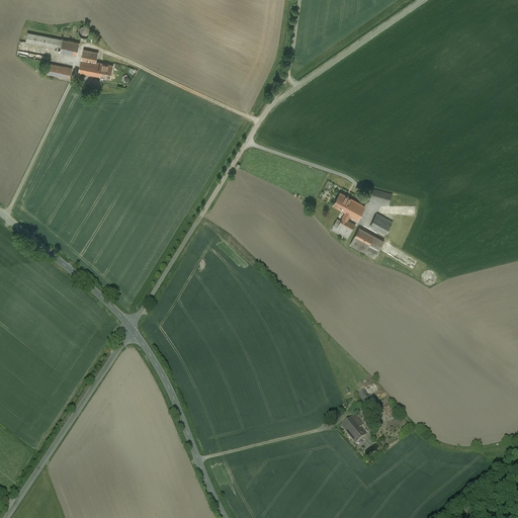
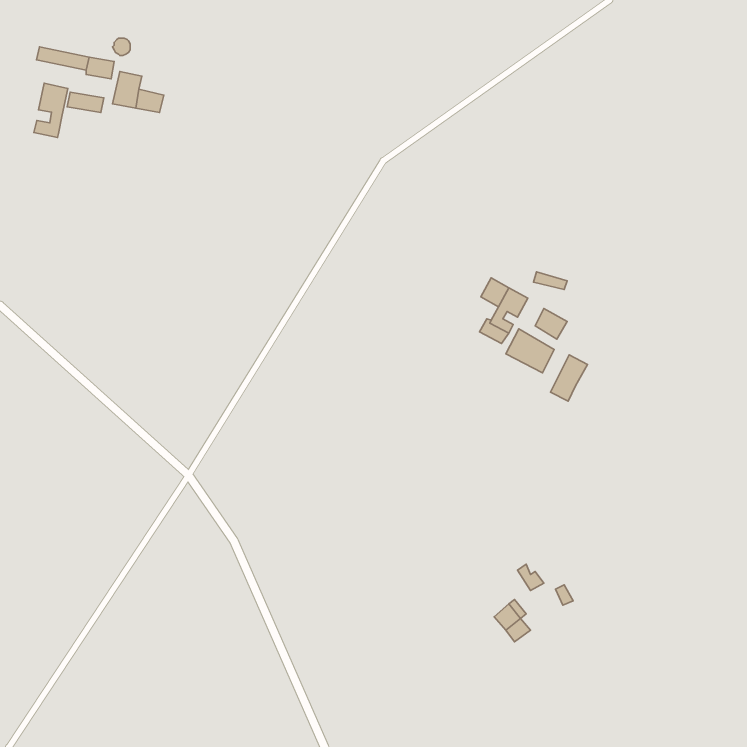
building: none -> [34,83,68,137]
building: none -> [551,355,588,401]

